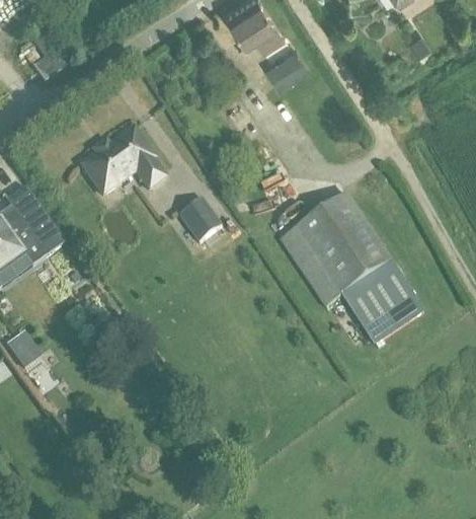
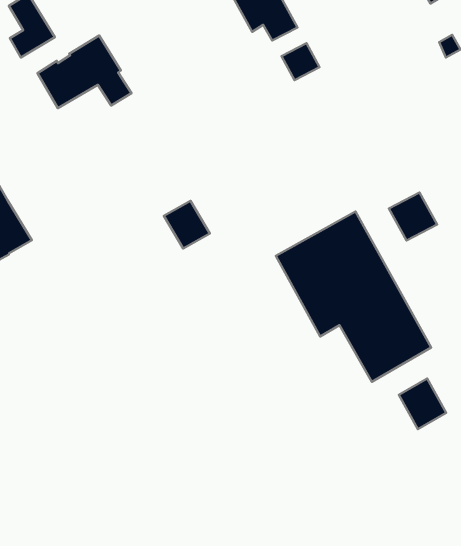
building: [80,126,164,193] -> [38,35,132,108]
building: none -> [389,193,437,240]
building: none -> [399,379,446,429]

